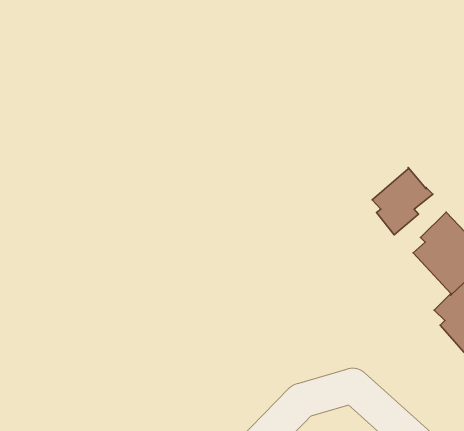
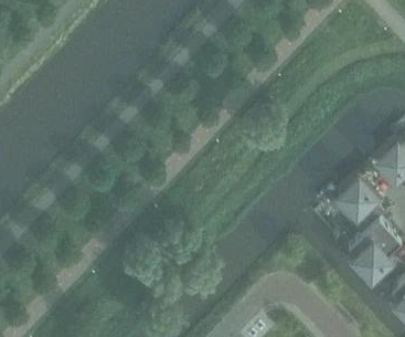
building: [372,168,433,235] -> none

